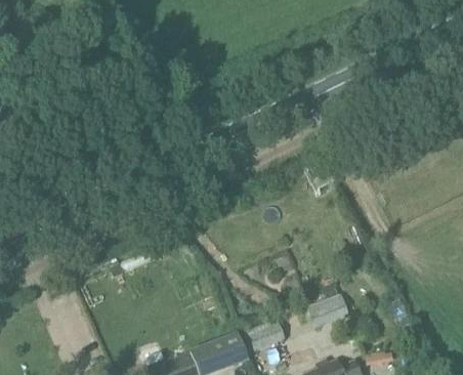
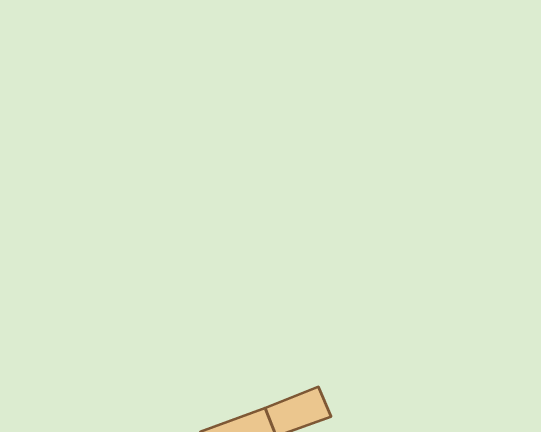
building: [307,292,349,326] -> none

